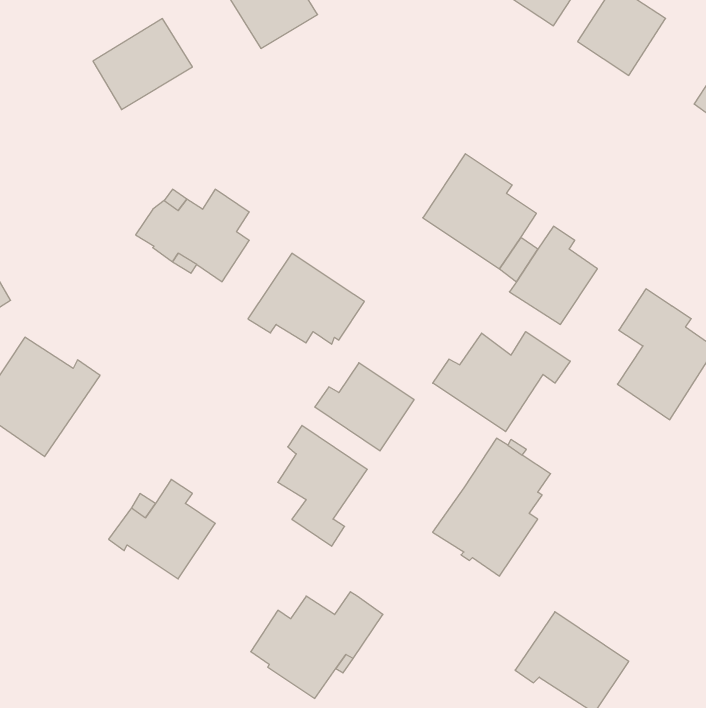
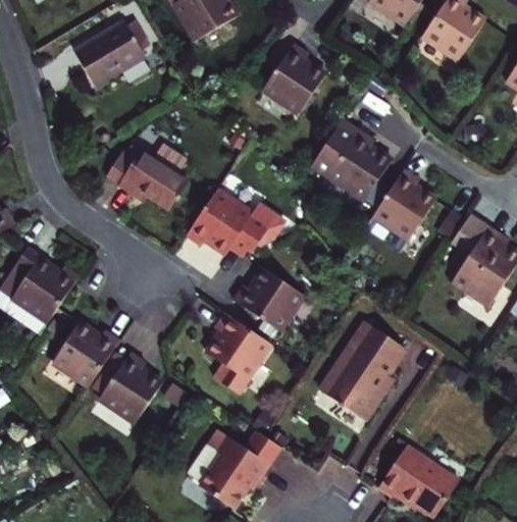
building: none -> [262,45,324,115]
building: [433,332,570,432] -> none
building: none -> [50,322,118,387]

